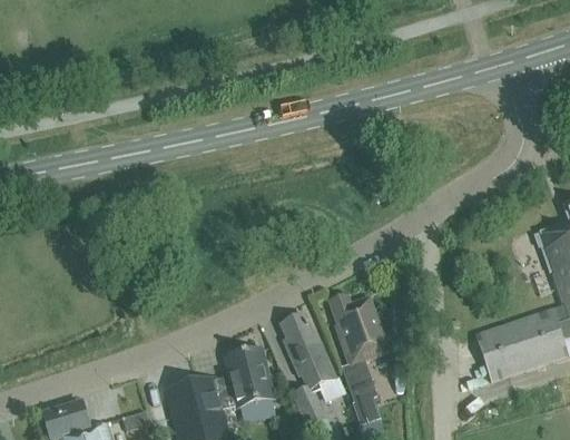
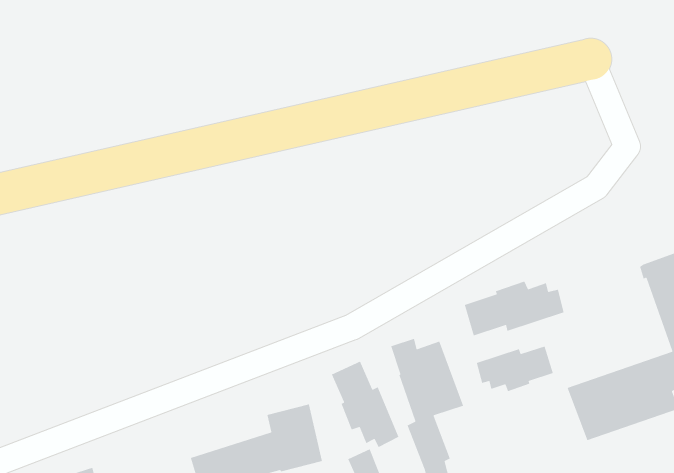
building: none -> [464,280,565,336]
building: none -> [476,345,554,392]

